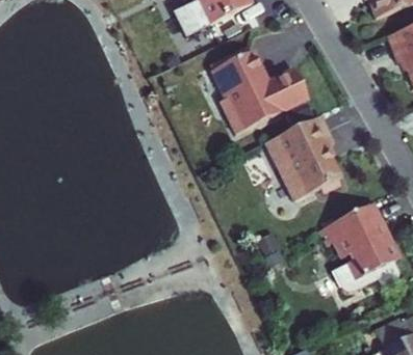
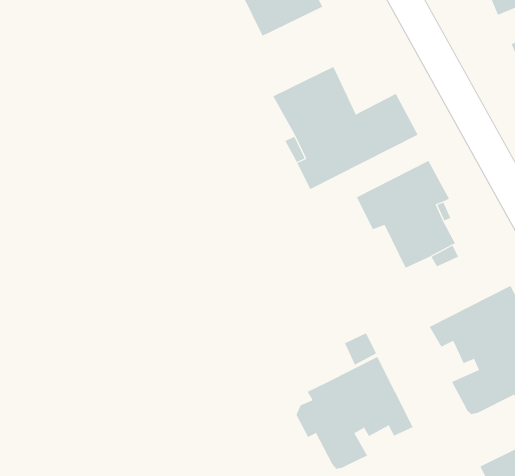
building: none -> [296,356,414,469]

